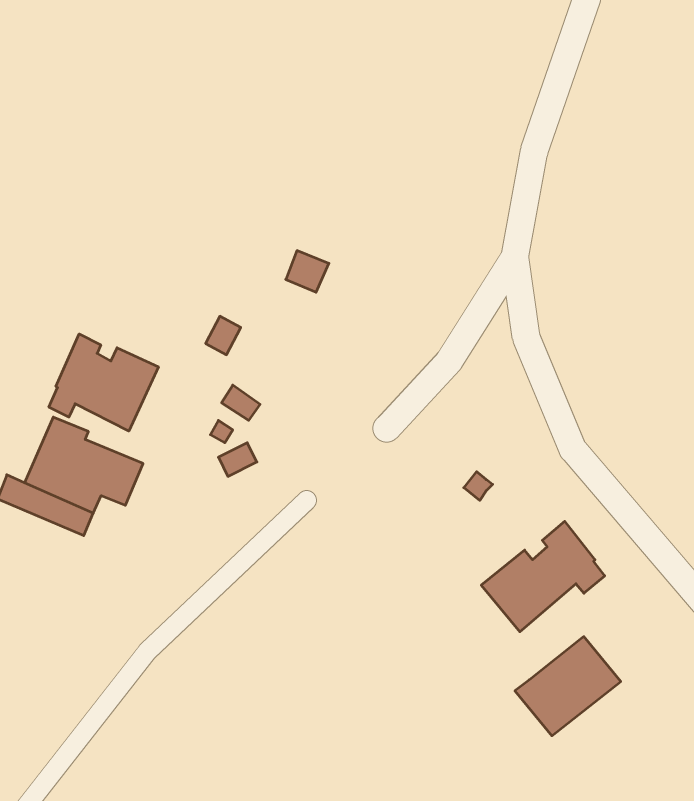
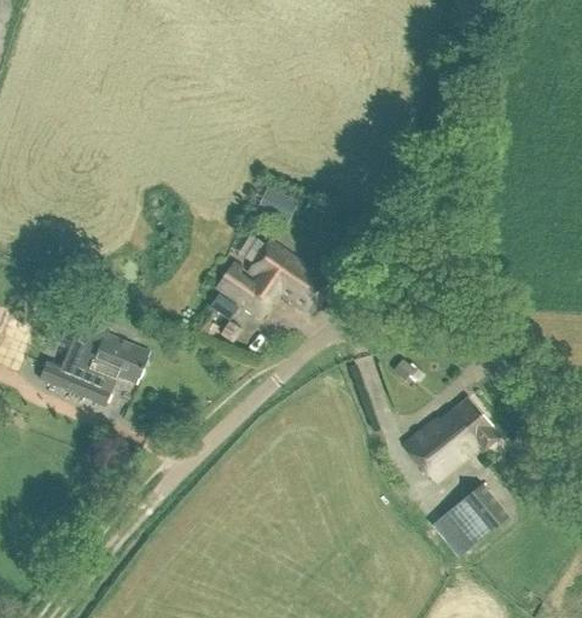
building: none -> [216,239,324,319]
building: [49,334,158,431] -> none

